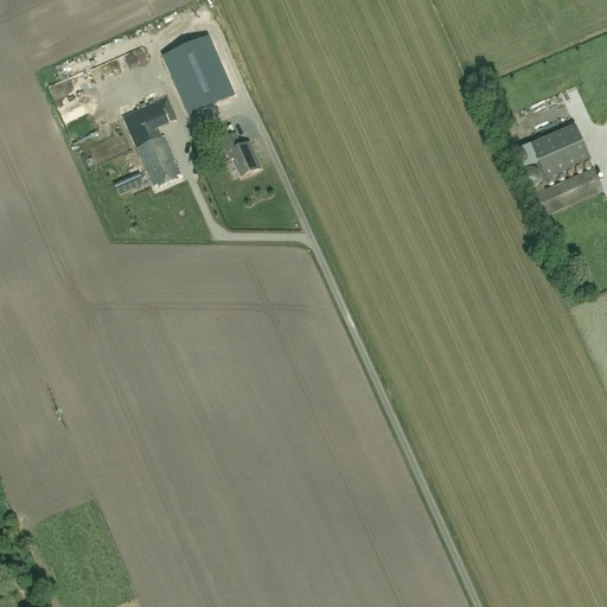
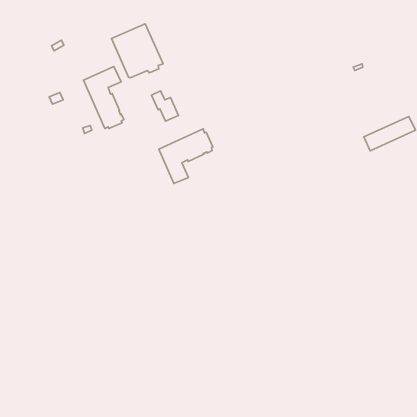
building: [528,123,588,179] -> none
building: none -> [159,129,213,184]

